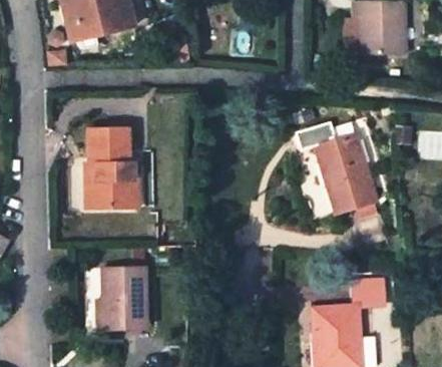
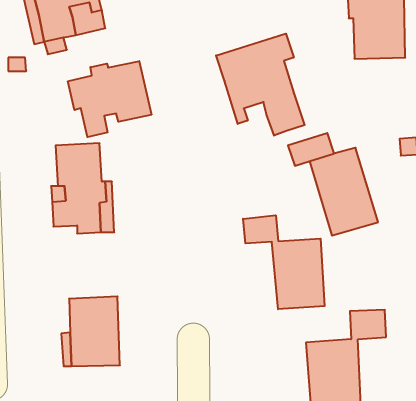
building: none -> [216,34,305,136]
building: none -> [68,61,151,137]
building: none -> [243,215,325,309]

